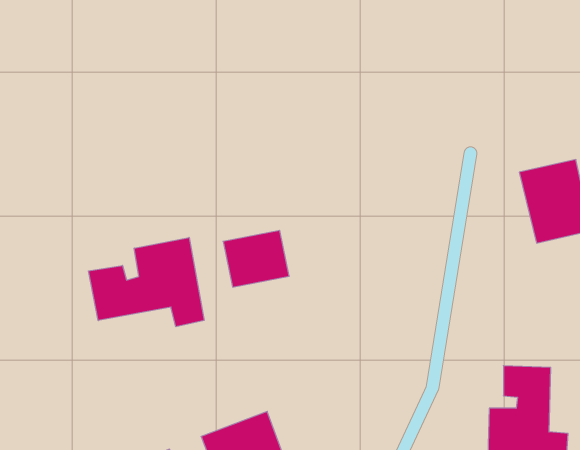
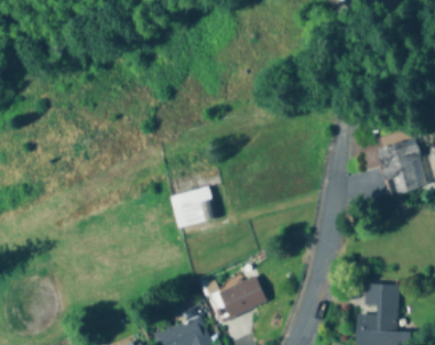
building: [89,237,204,327] -> none
building: none -> [211,276,267,321]

